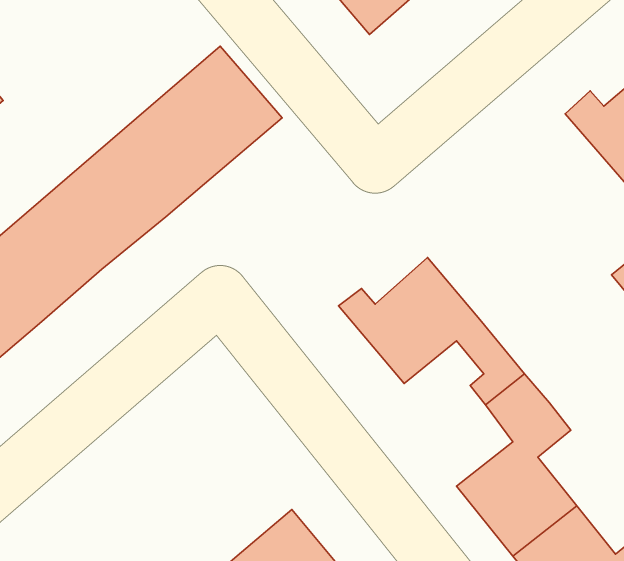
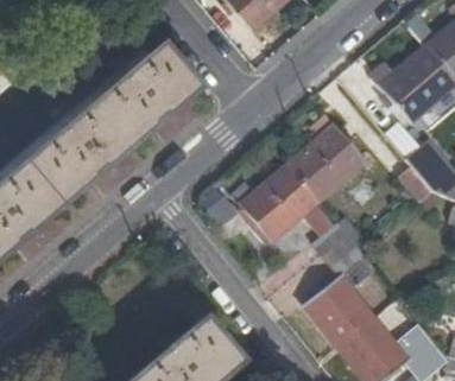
building: none -> [287,116,367,204]

